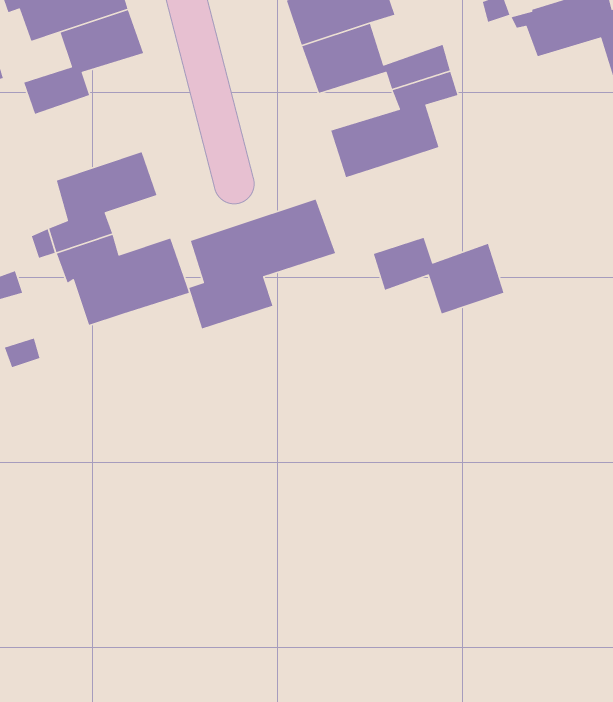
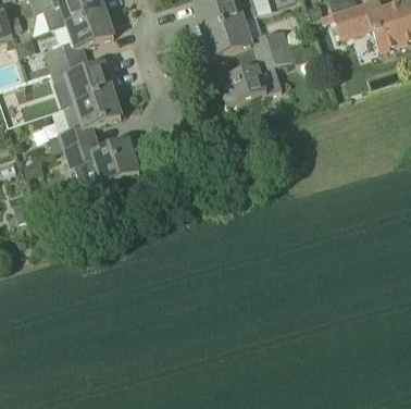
building: none -> [51,59,112,107]
building: [188,198,336,330] -> none
building: [373,237,505,314] -> none

